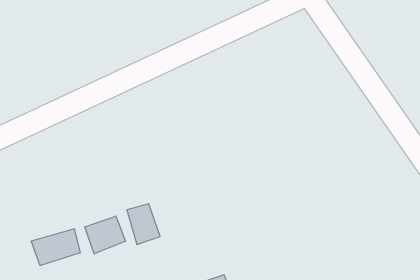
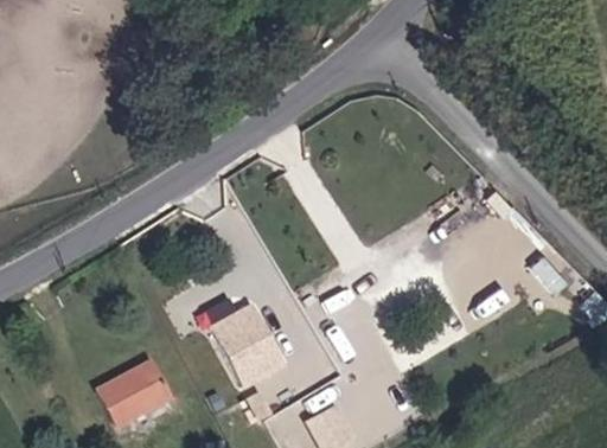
building: [85,216,126,254] -> none

